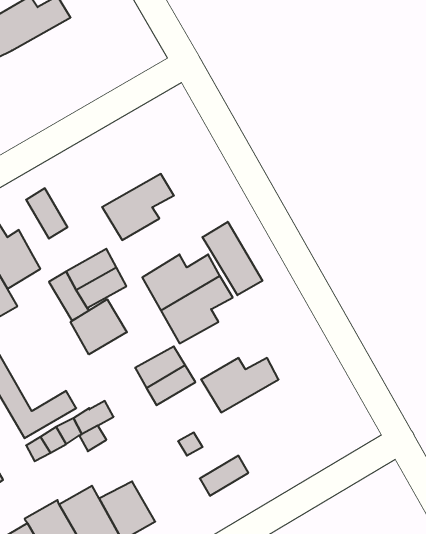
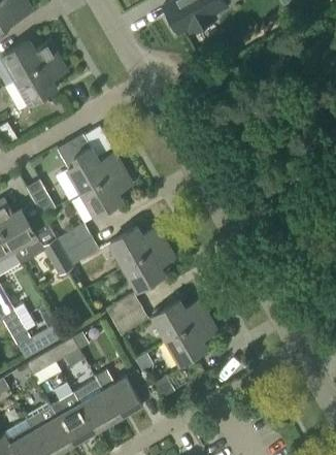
building: none -> [15,57,66,104]
building: none -> [57,134,123,193]
building: [202,222,262,295] -> none
building: [71,299,127,354] -> none
building: none -> [166,317,216,364]
building: none -> [95,370,142,419]

